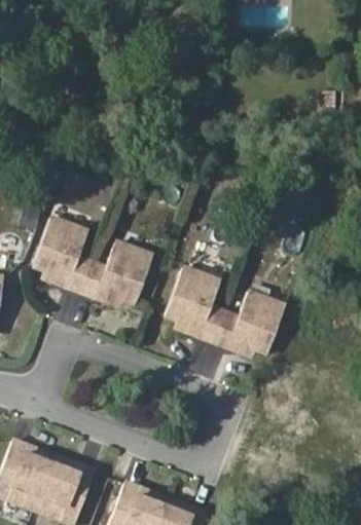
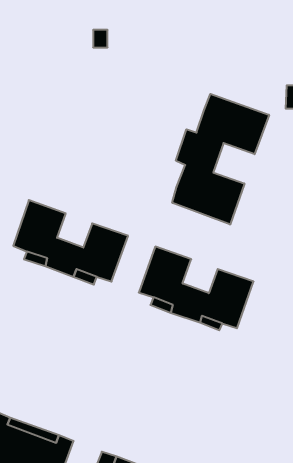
building: none -> [172,94,269,225]

